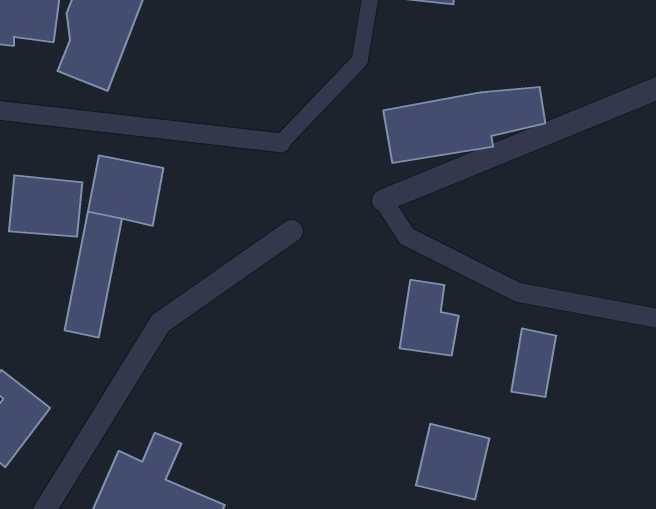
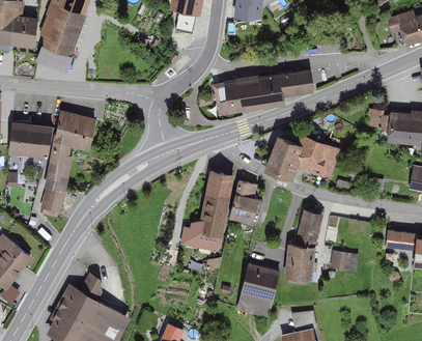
building: none -> [261,133,343,180]
building: none -> [189,174,230,249]
building: none -> [284,246,315,280]
building: none -> [332,248,361,272]

